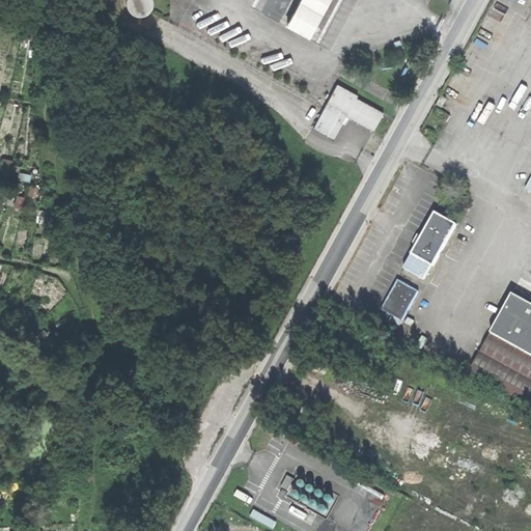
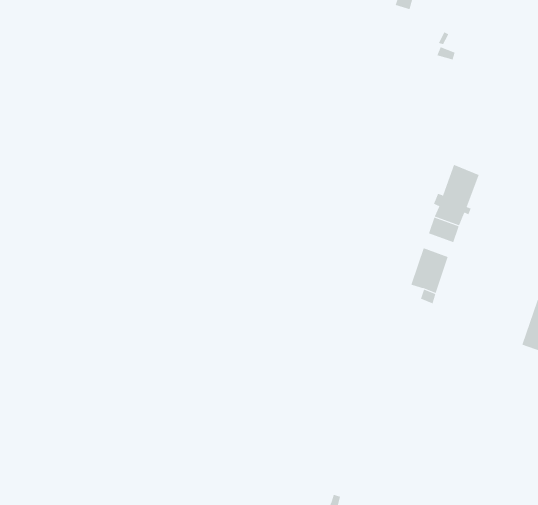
building: [316,81,386,136] -> none

